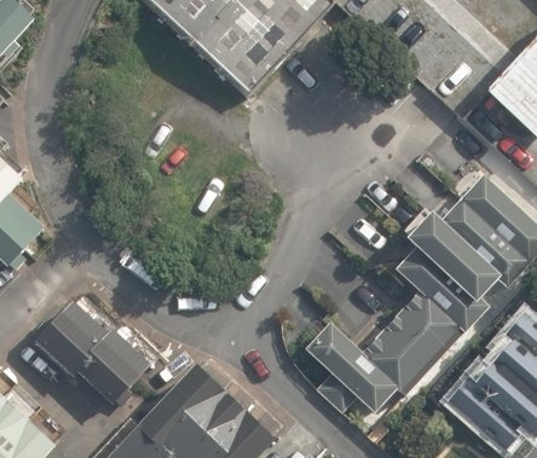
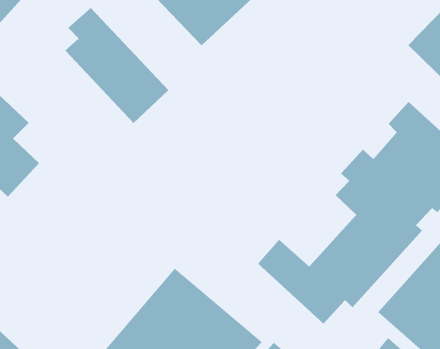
building: none -> [64,7,169,124]
building: [33,295,157,411] -> none

